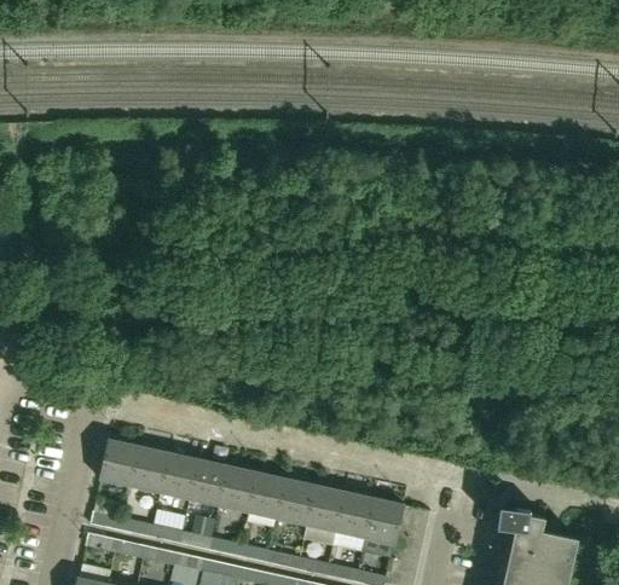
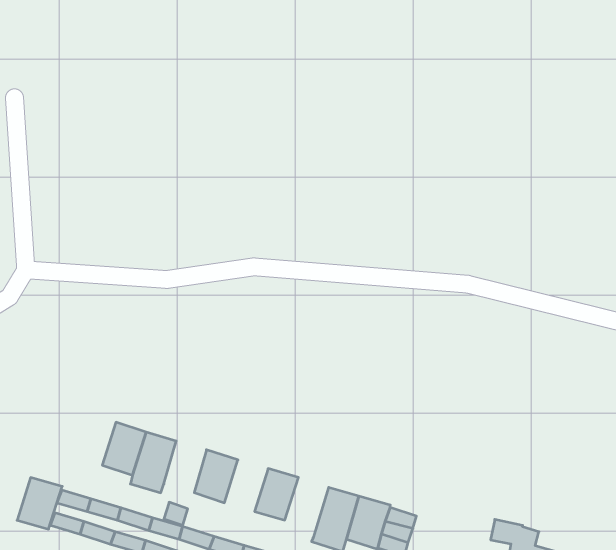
building: [99,439,139,486] -> [17,478,62,529]
building: [189,458,226,505] -> none
building: [247,471,285,519] -> none
building: [303,483,343,539] -> none

